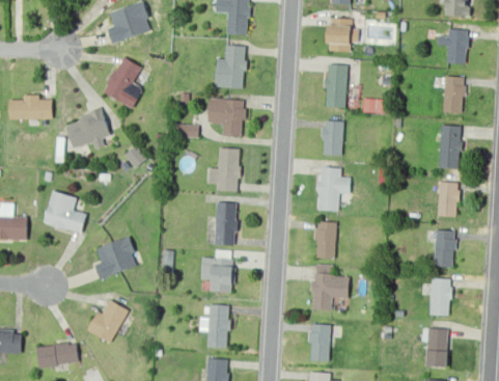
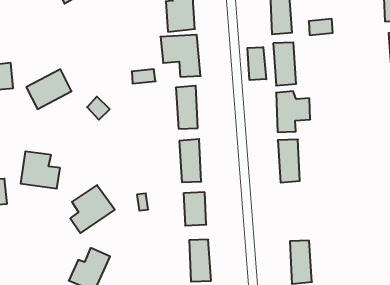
building: [104,55,143,109] -> none
building: none -> [247,47,266,80]
building: [311,268,348,310] -> none

